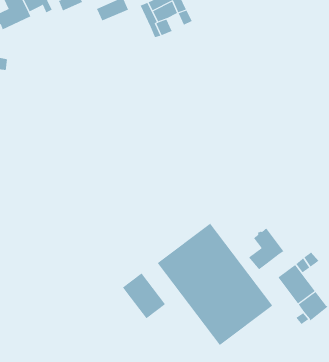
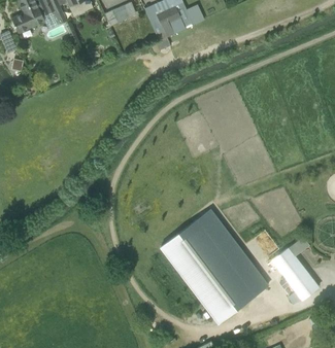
building: [248,227,284,270] -> none
building: [122,273,166,319] -> none

